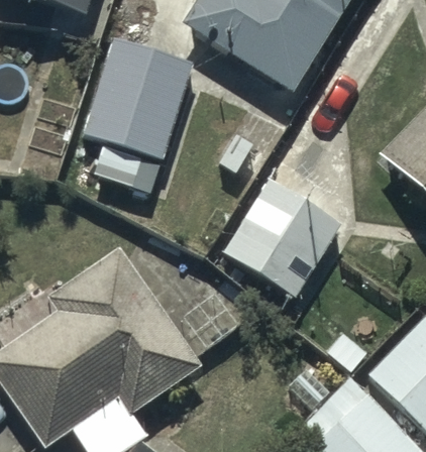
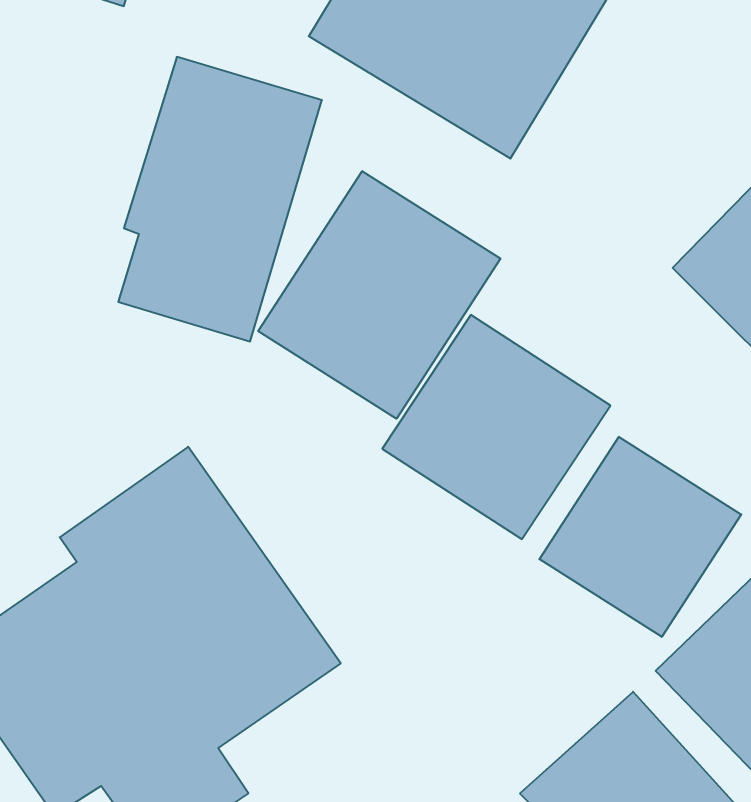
building: none -> [258,171,500,419]
building: none -> [539,437,741,637]

